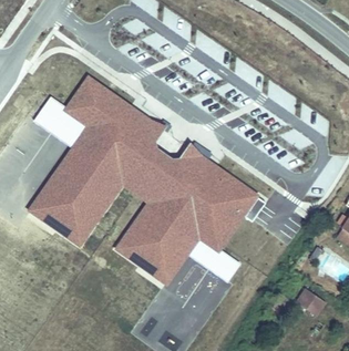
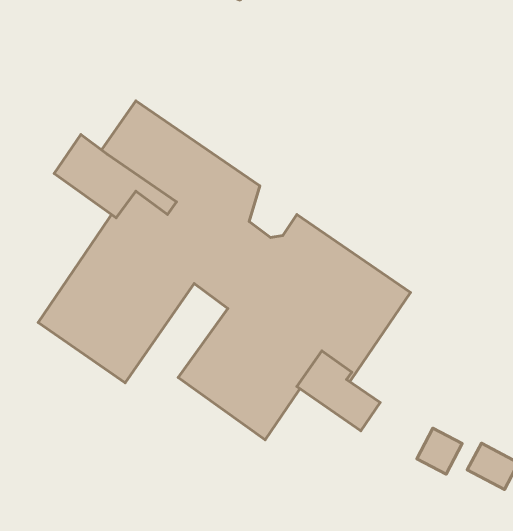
building: none -> [417,428,462,474]

